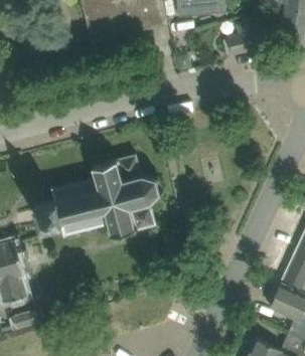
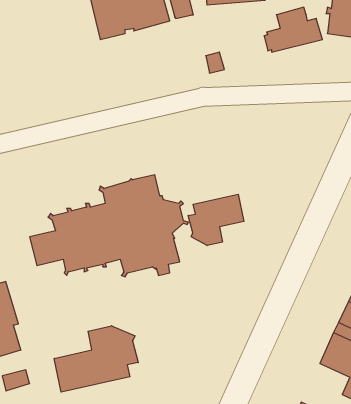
building: none -> [188,194,244,246]
building: none -> [54,326,138,392]

